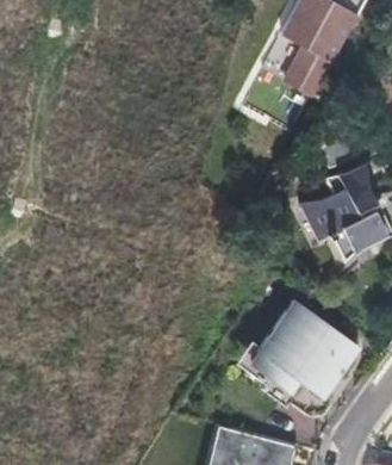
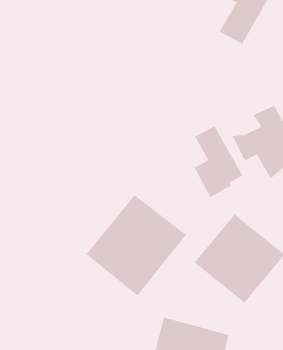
building: none -> [193,125,244,198]
building: none -> [85,194,187,296]

